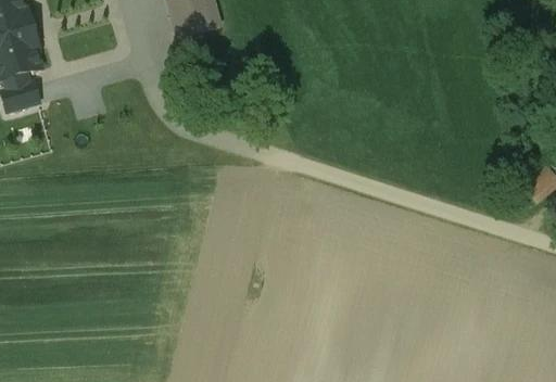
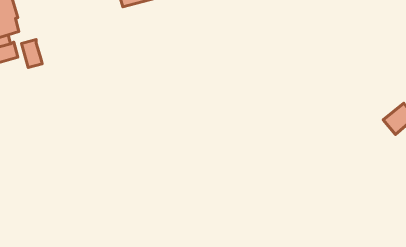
building: none -> [21,40,42,68]

